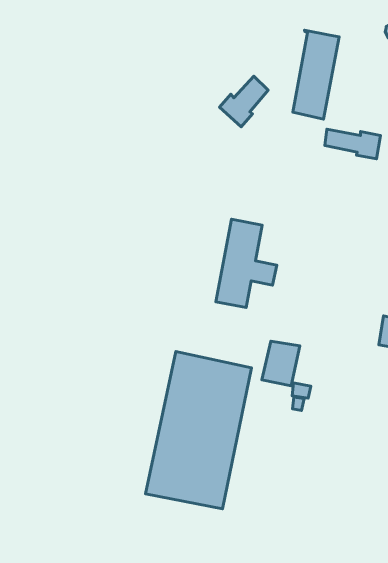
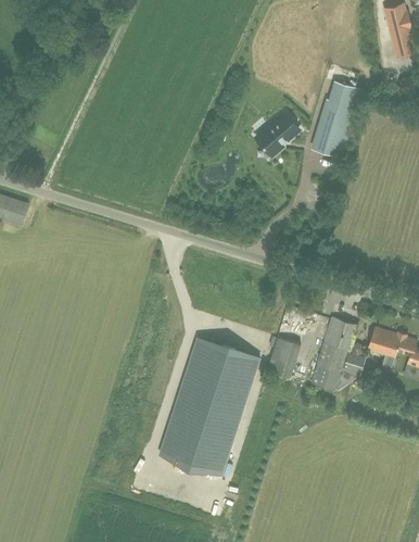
building: [325,129,381,159] -> none
building: [216,219,277,307] -> [310,315,365,390]

